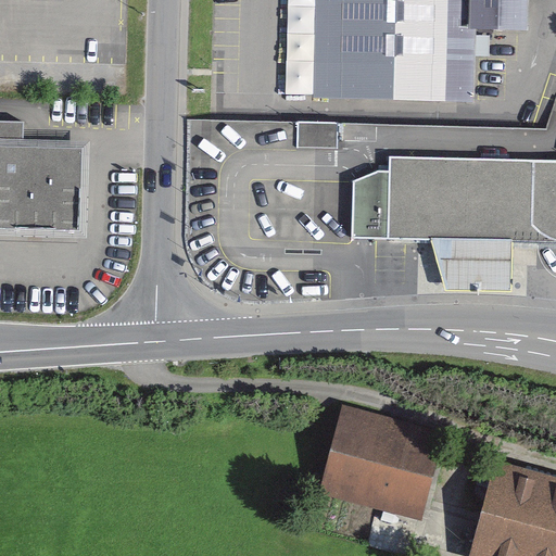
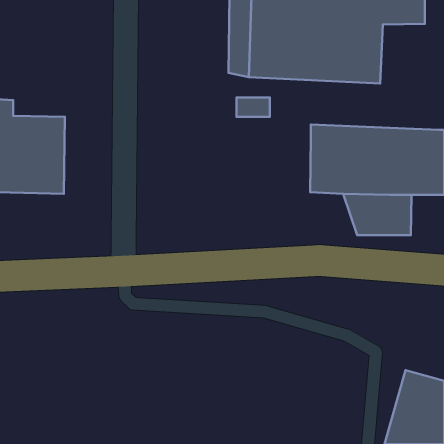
building: [348,169,386,238] -> none
building: [323,404,445,519] -> none

